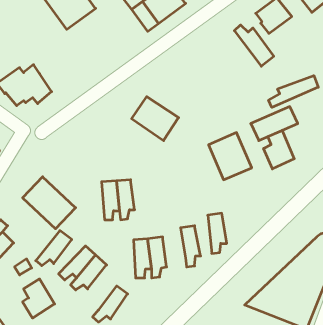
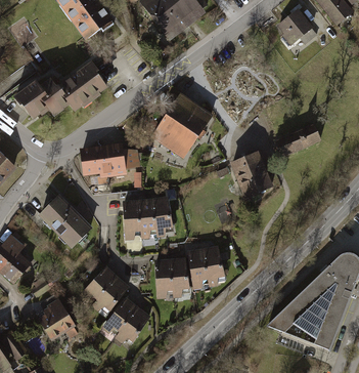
building: [234,25,274,66] -> none
building: none -> [57,63,108,114]
building: [269,76,318,107] -> none
building: none -> [167,91,214,133]
building: none -> [83,144,140,176]
building: [264,130,294,169] -> none
building: none -> [150,194,171,236]
building: [208,213,227,253] -> [187,246,207,287]
building: [36,231,72,266] -> [99,296,136,332]

